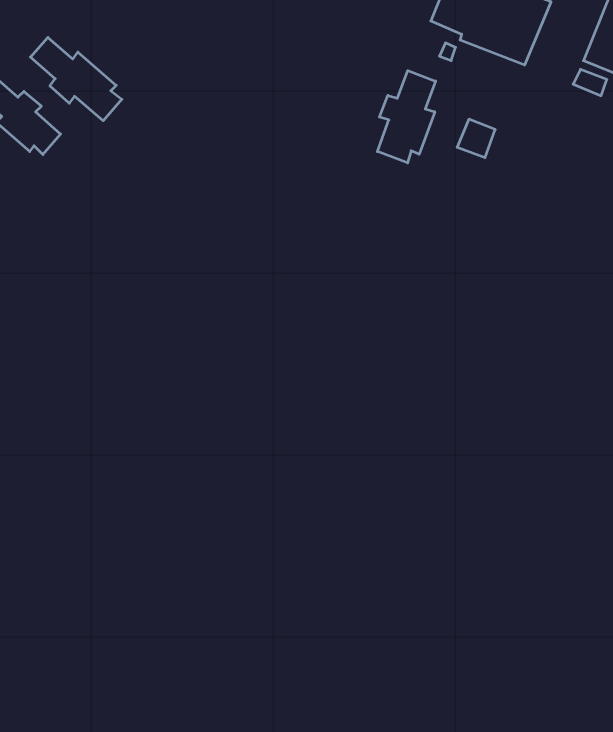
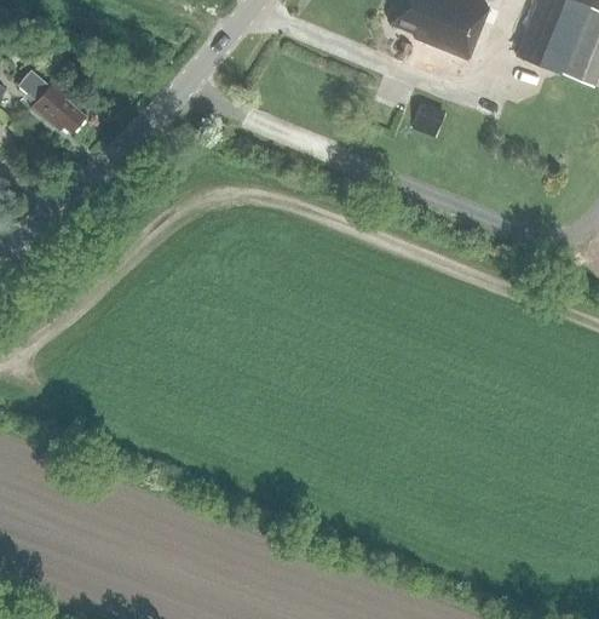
building: [30,37,122,121] -> none
building: [377,71,436,163] -> none

